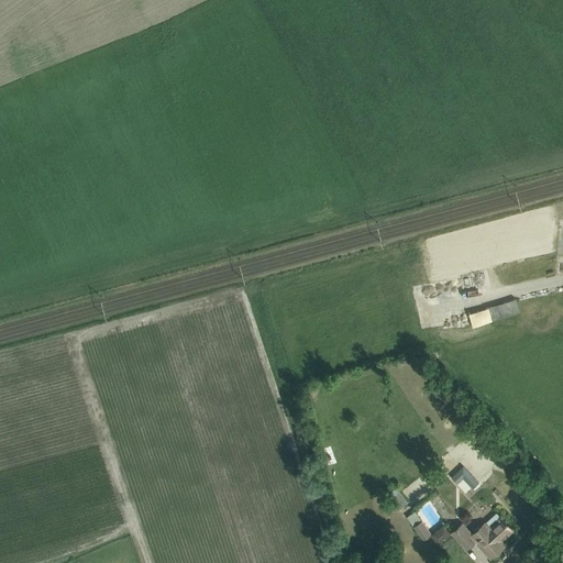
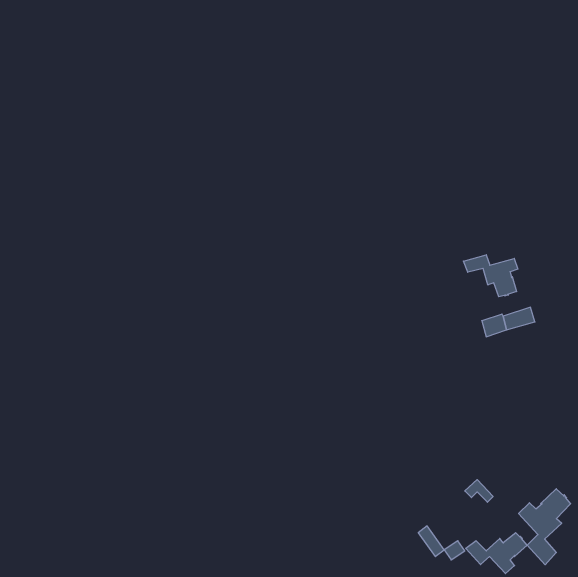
building: none -> [463,255,518,297]
building: none -> [519,489,571,565]

